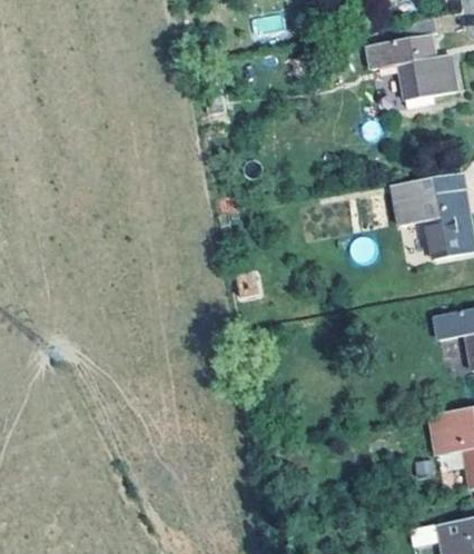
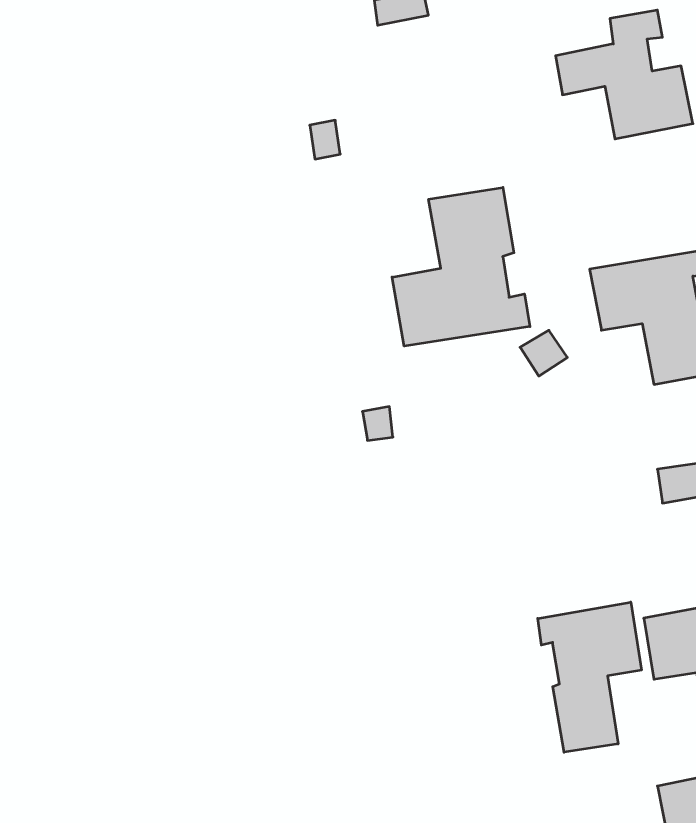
building: none -> [392,187,530,346]
building: none -> [538,602,641,752]

